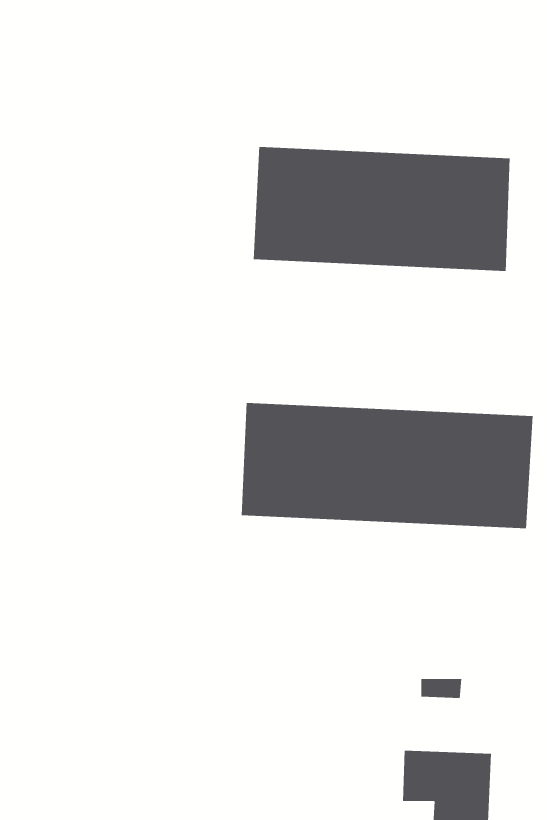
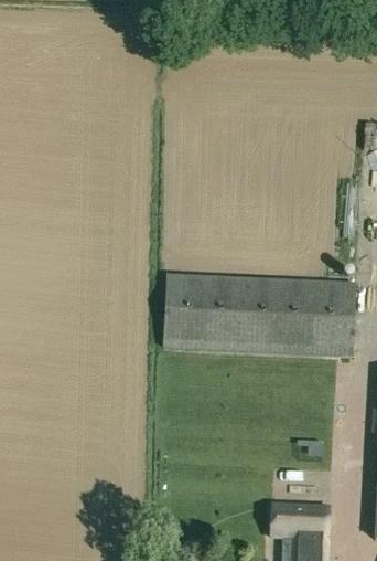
building: [253,146,510,272] -> none

